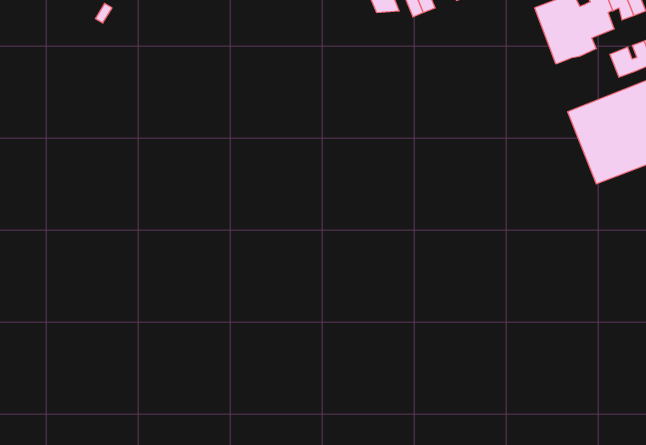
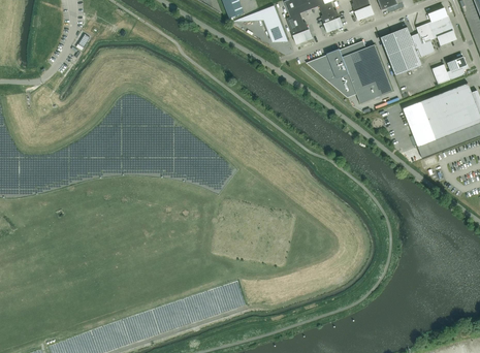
building: none -> [307,41,392,103]

